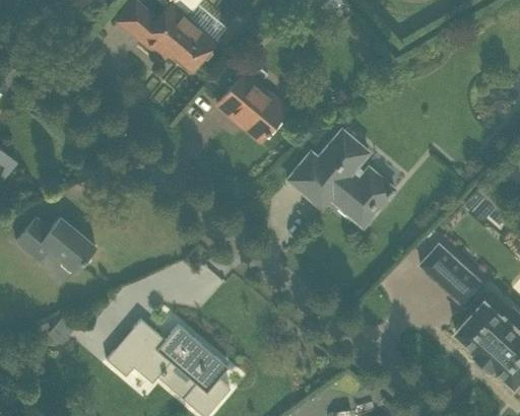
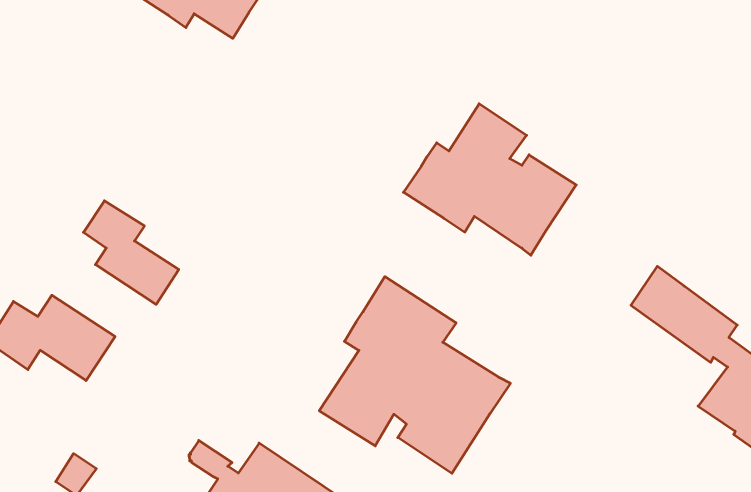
building: [217,73,288,141] -> none
building: none -> [83,201,179,304]
building: none -> [319,277,510,473]

